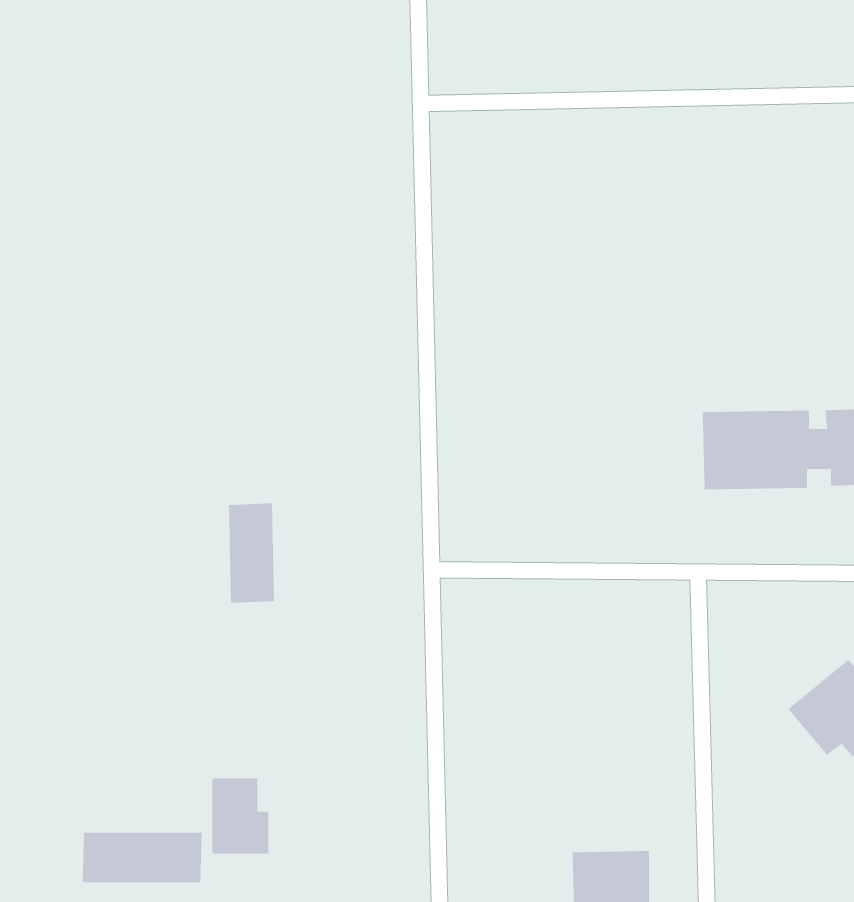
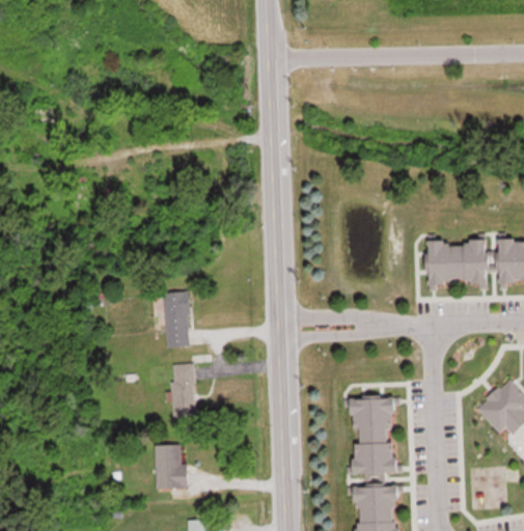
building: none -> [170,364,195,419]
building: none -> [353,397,398,479]
building: [82,832,202,883] -> none

